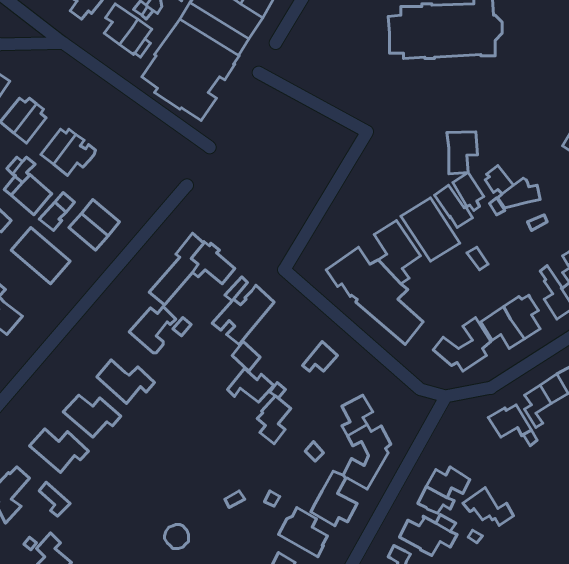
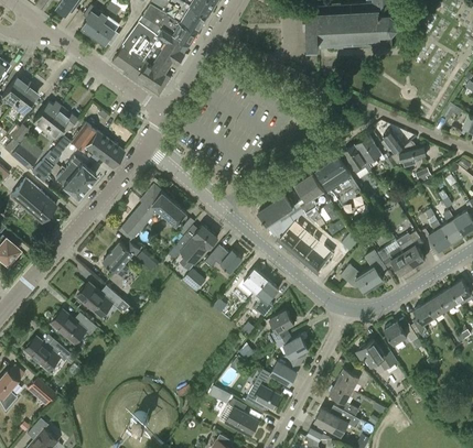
building: [447,132,478,174] -> none
building: none -> [72,123,123,167]
building: [228,368,274,402] -> [205,245,241,272]
building: [257,396,291,444] -> [251,280,278,317]
building: [463,488,513,526] -> [356,340,396,370]

